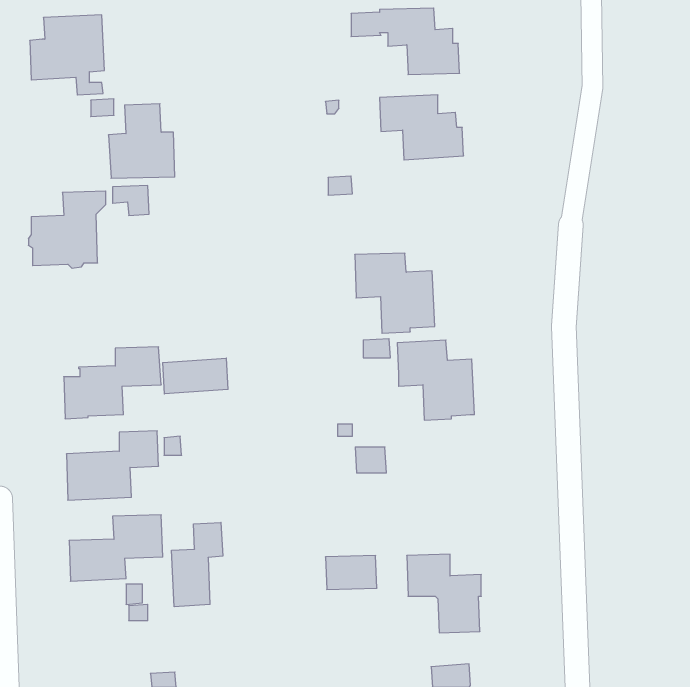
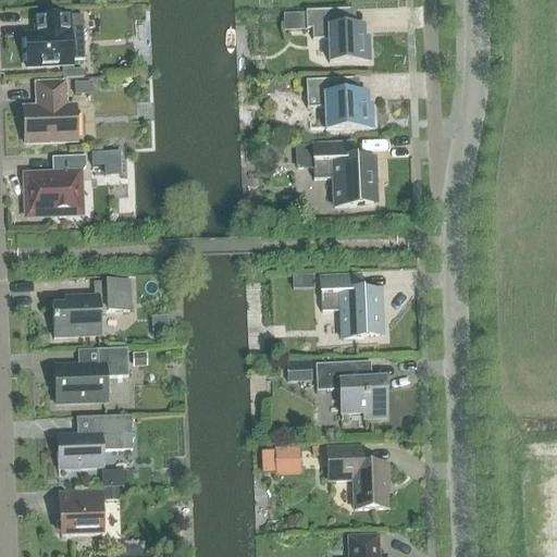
building: [108,104,175,178] -> [24,81,77,140]
building: [355,253,435,333] -> [313,141,377,206]
building: [163,358,228,394] -> none
building: none -> [317,359,387,418]
building: [172,522,223,607] -> none
building: none -> [60,491,102,534]

